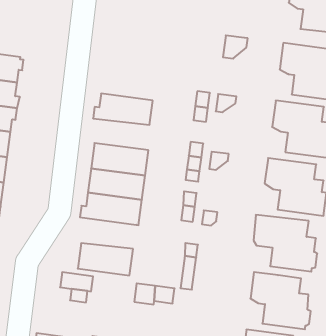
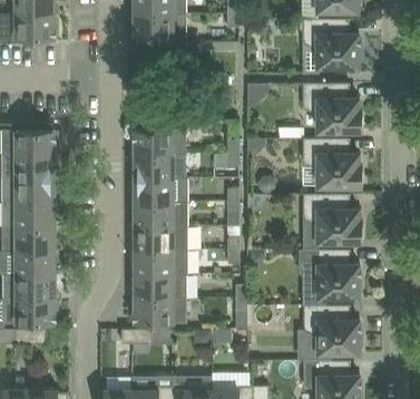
building: none -> [135,124,185,153]
building: none -> [130,176,187,201]
building: none -> [130,273,185,298]

